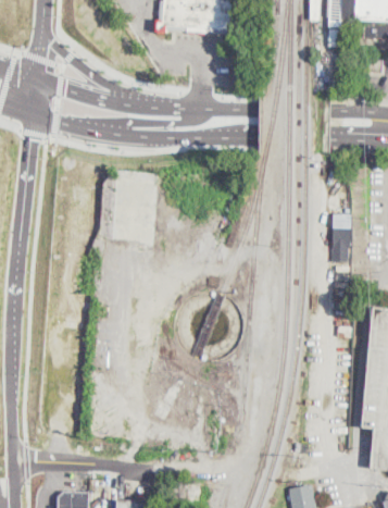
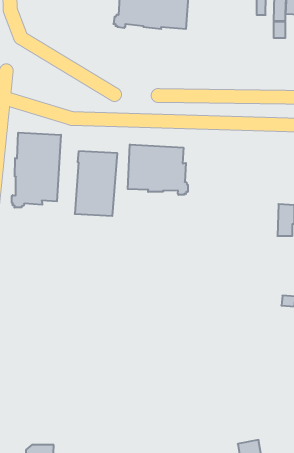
building: none -> [12,133,61,208]
building: none -> [128,144,188,195]

